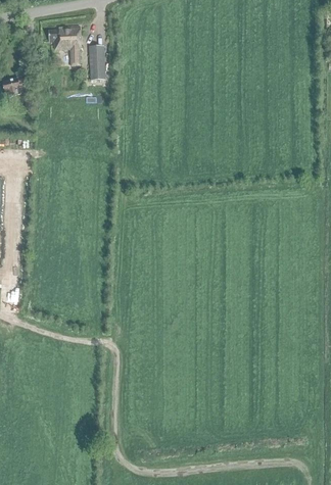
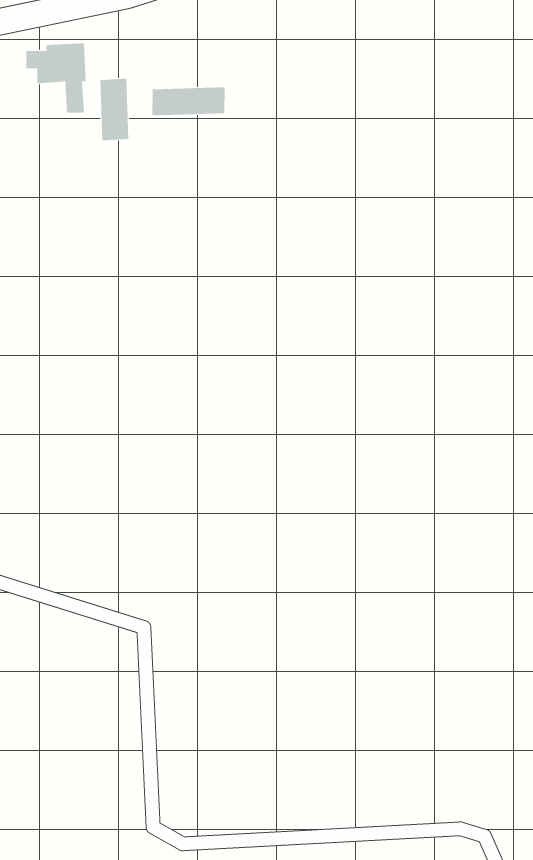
building: none -> [152,86,225,116]

